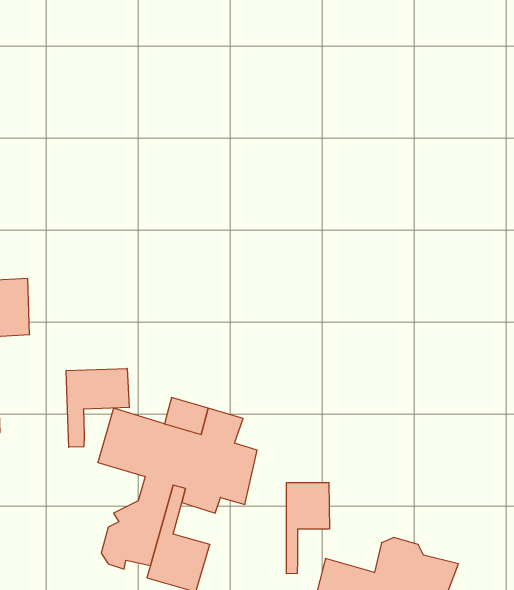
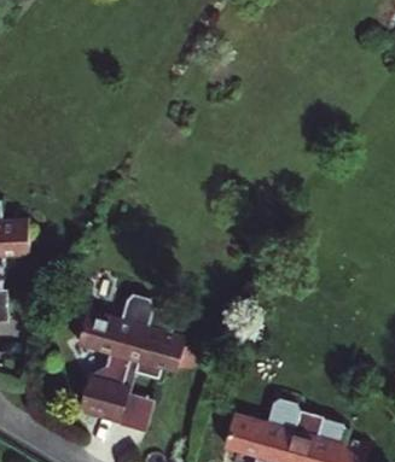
building: [66,368,129,447] -> none
building: [287,482,329,574] -> none

